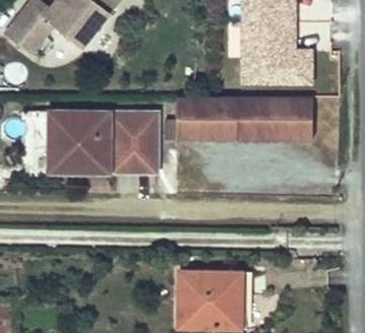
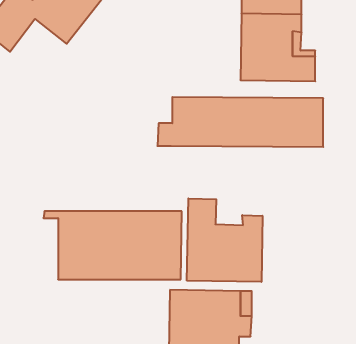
building: [36,112,160,173] -> [43,211,182,279]
building: none -> [187,198,262,282]

